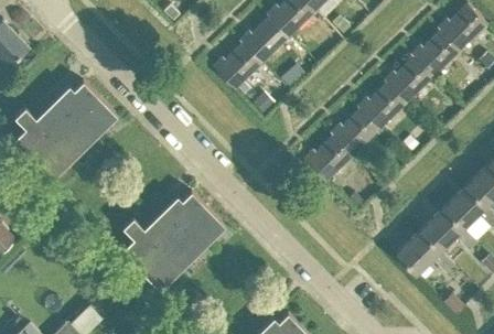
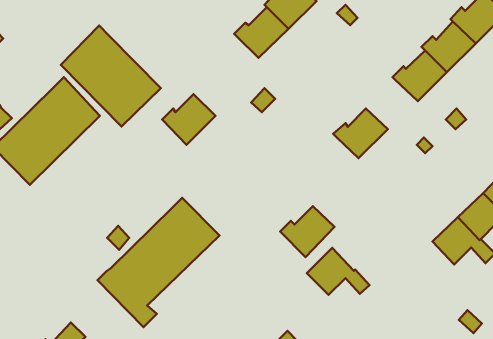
building: none -> [61,26,161,126]
building: [212,44,260,90] -> [162,94,215,145]
building: [356,84,406,129] -> none
building: [302,137,352,183] -> [280,206,334,257]
building: [396,231,453,274] -> [307,248,370,295]

